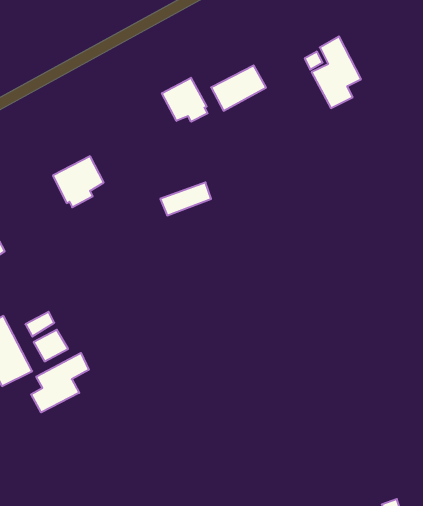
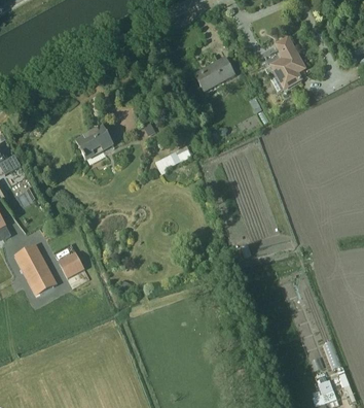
building: [162,78,208,122] -> none
building: [31,353,89,412] -> none

